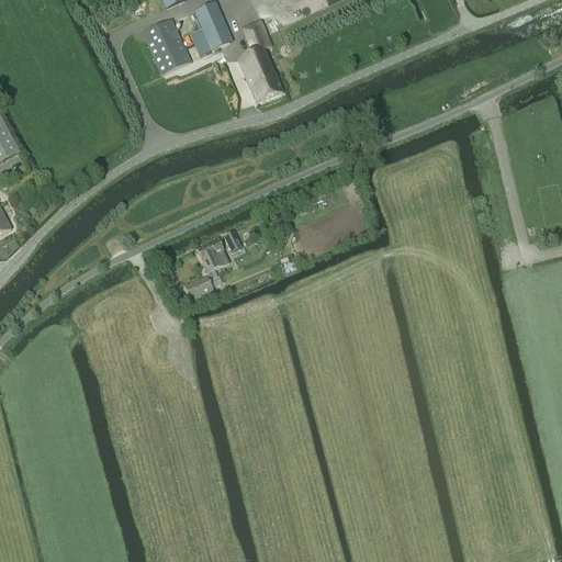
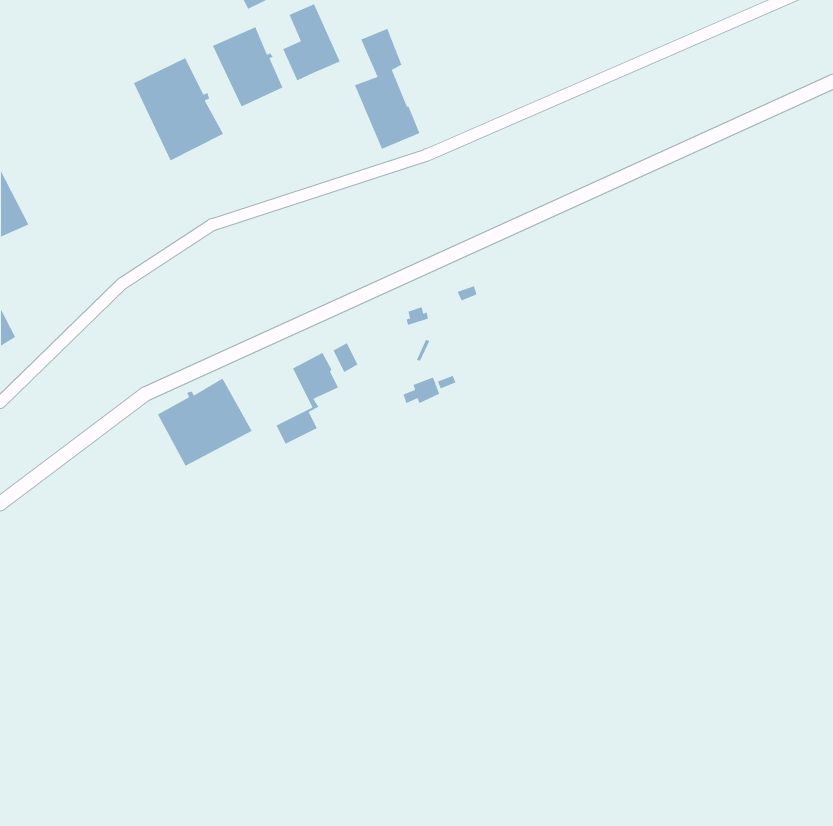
building: none -> [133,57,224,161]
building: none -> [157,377,253,467]

